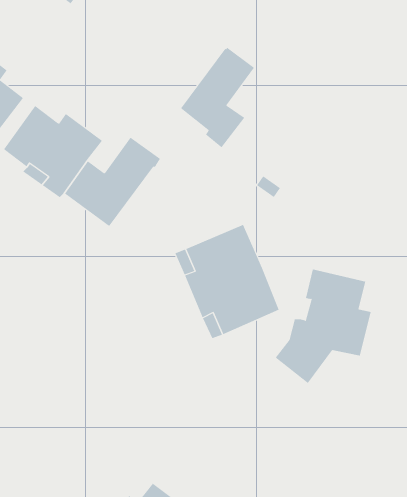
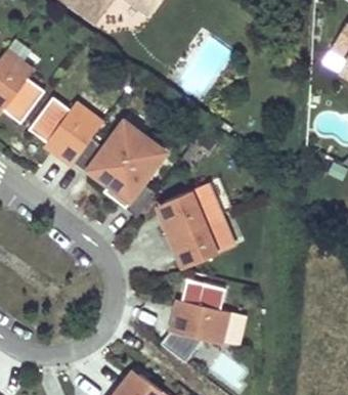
building: [180,47,255,148] -> [108,140,164,215]
building: [275,269,372,384] -> [161,280,232,365]

